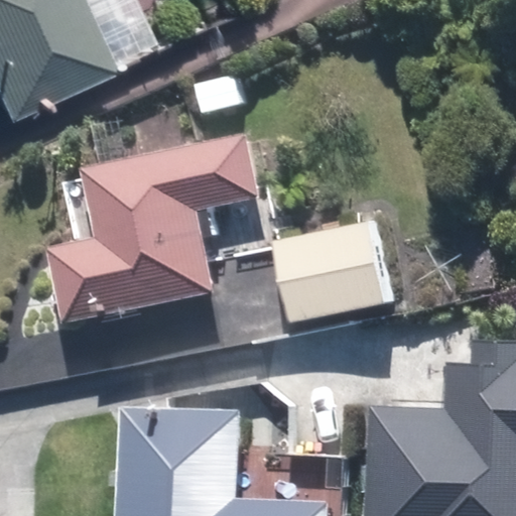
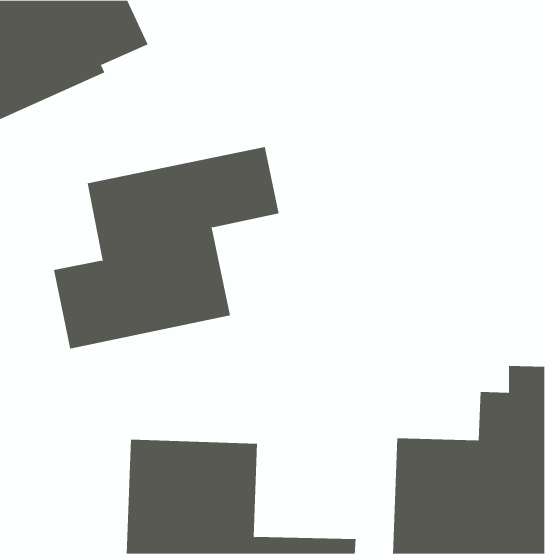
building: [274,224,388,325] -> none

